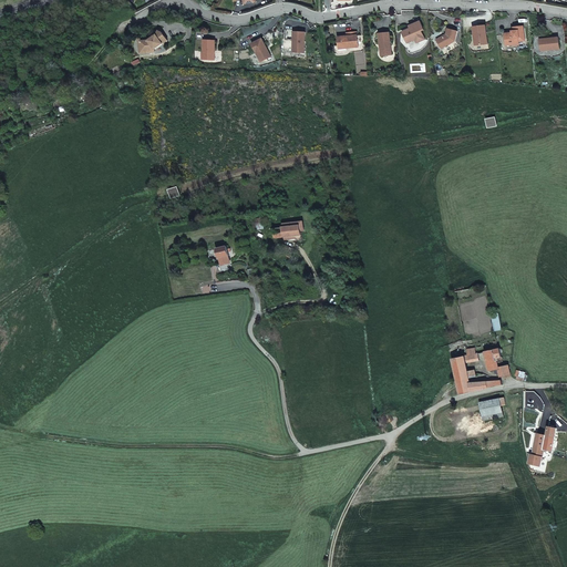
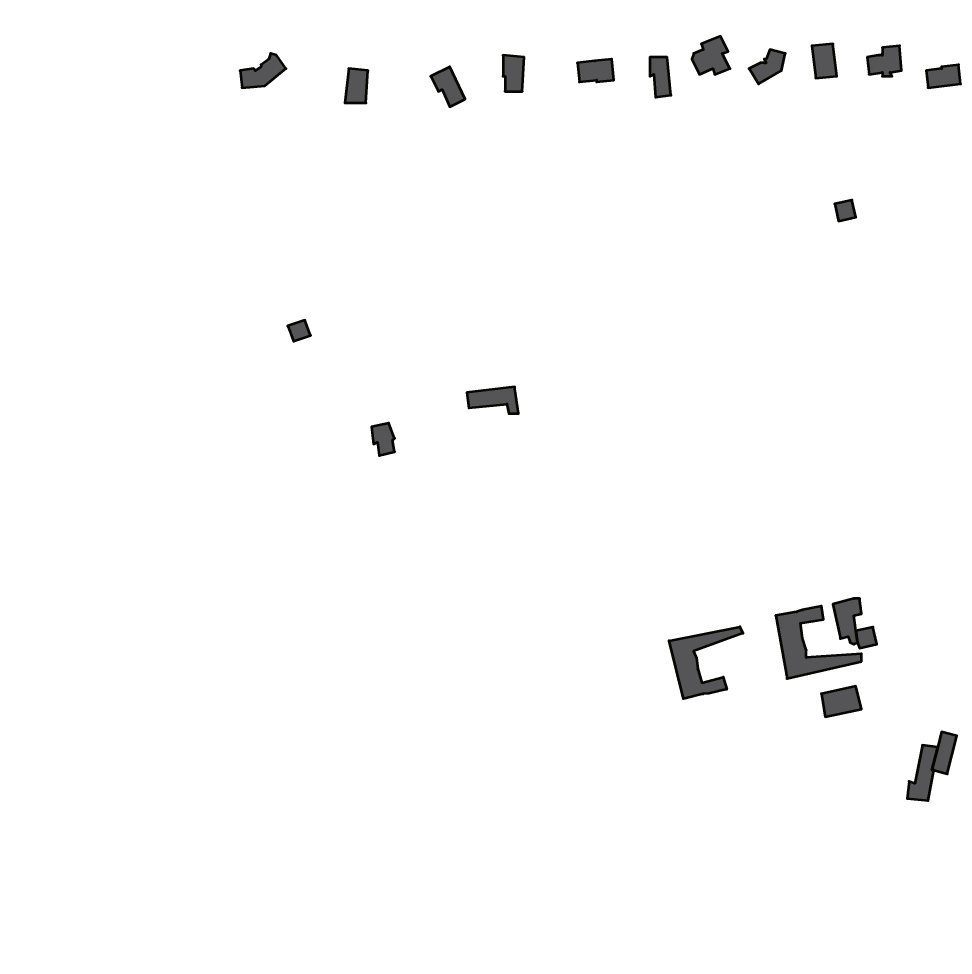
building: none -> [669,627,743,699]

